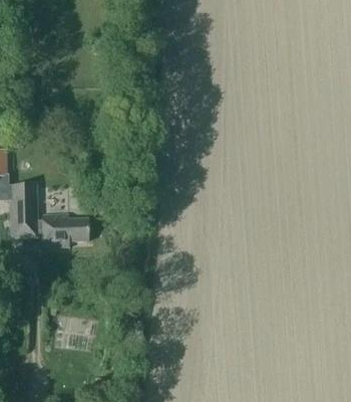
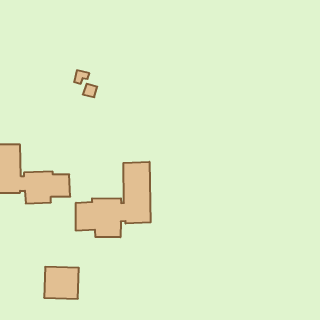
building: none -> [76,162,151,237]

